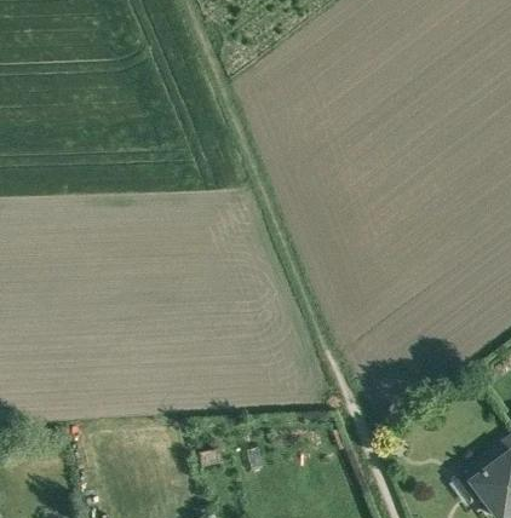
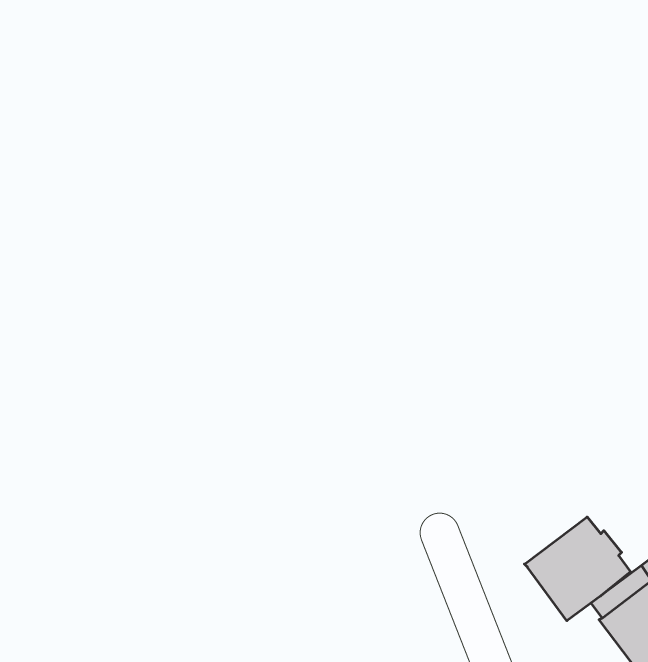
building: none -> [524,517,630,621]

